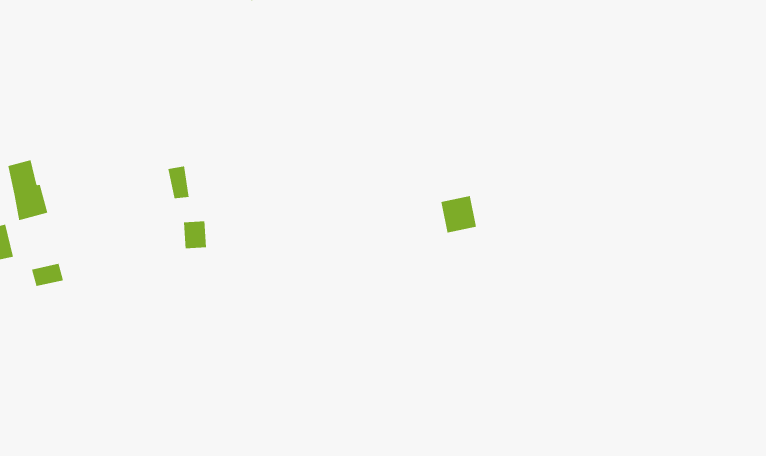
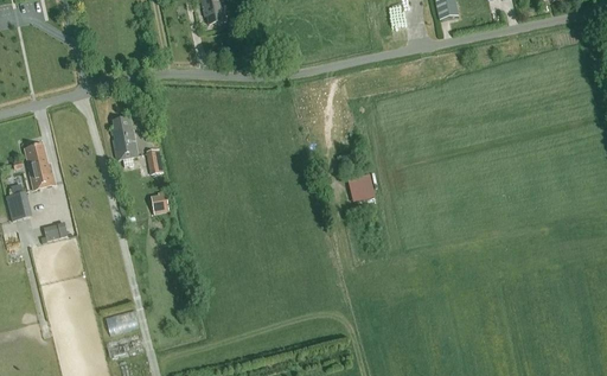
building: none -> [109,116,136,159]

